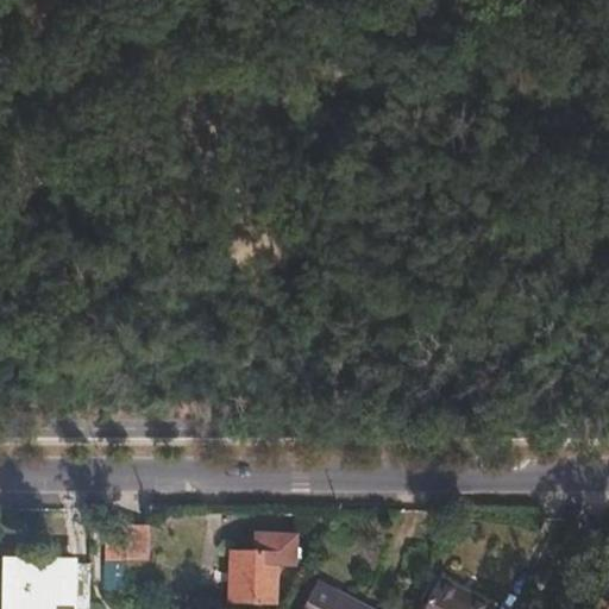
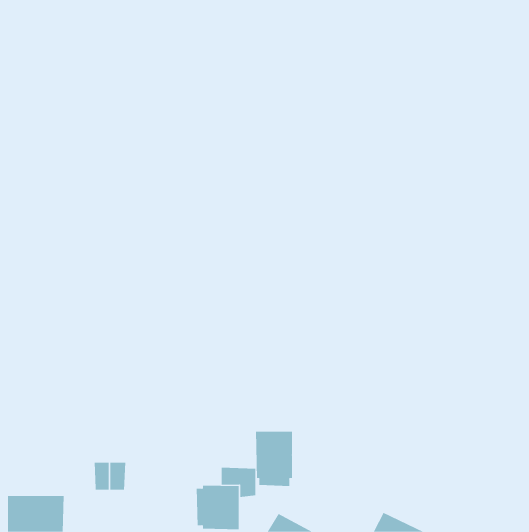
building: none -> [256,431,292,487]

